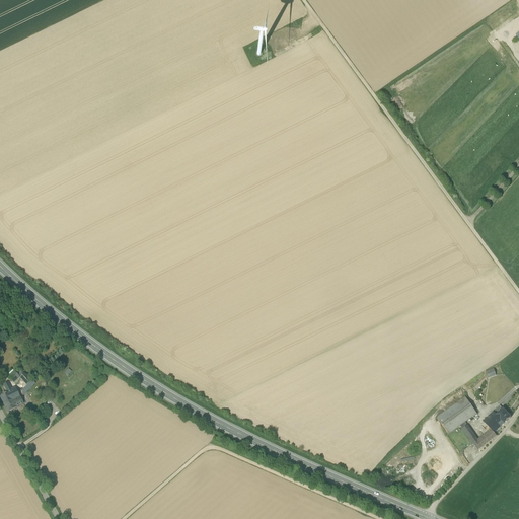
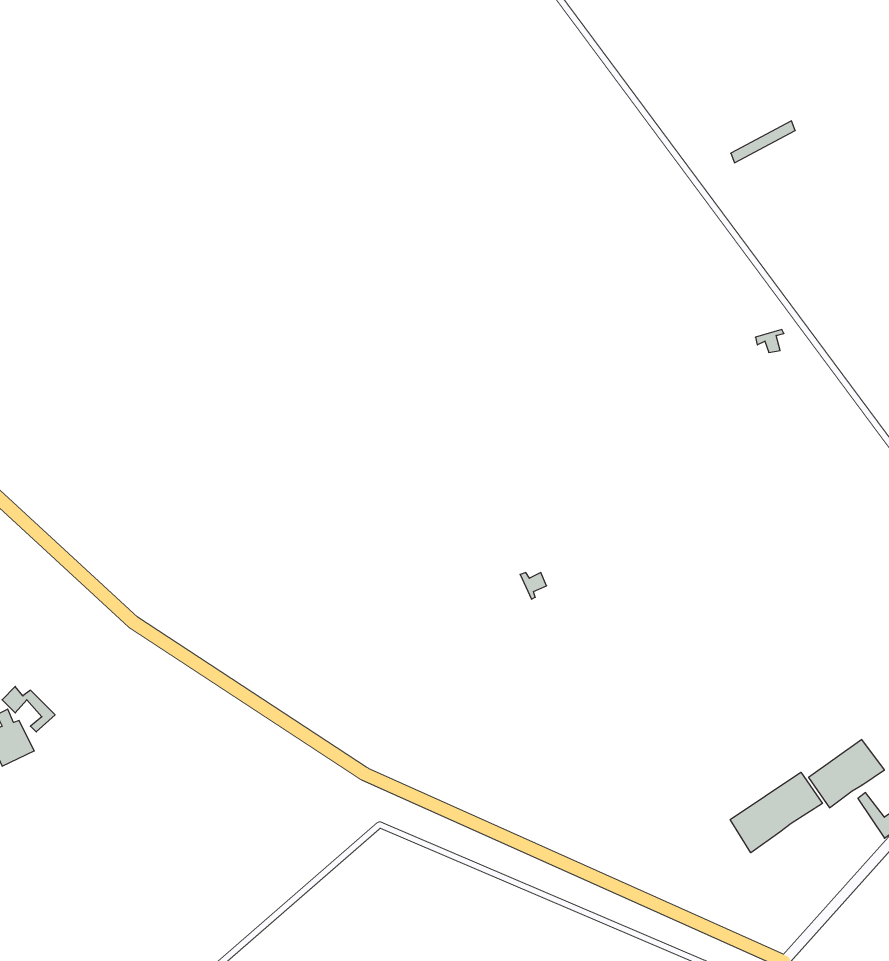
building: none -> [730,772,822,853]

